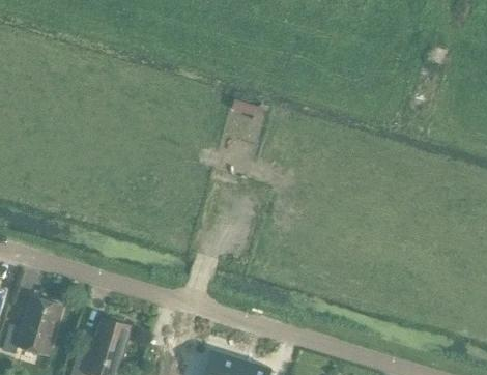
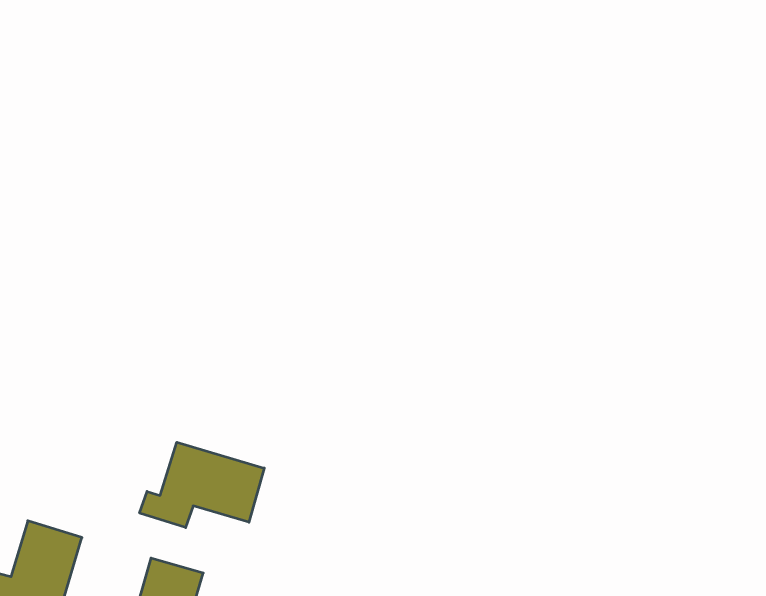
building: none -> [140,442,264,528]

